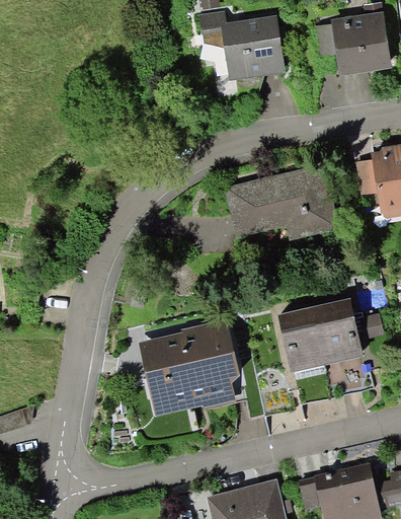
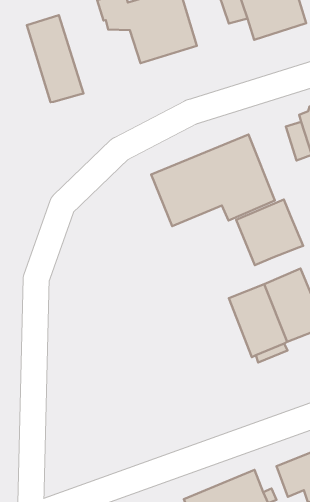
building: none -> [27,15,83,102]
building: none -> [236,200,303,265]
building: [138,318,239,416] -> none

